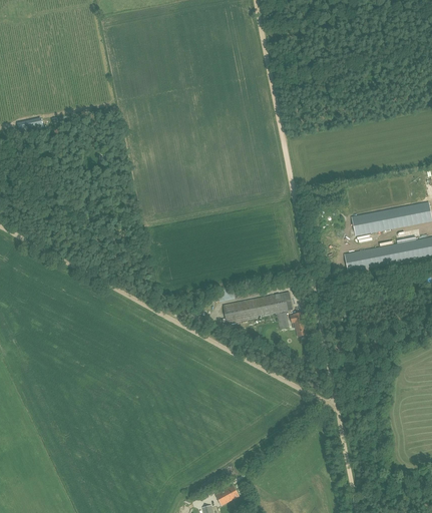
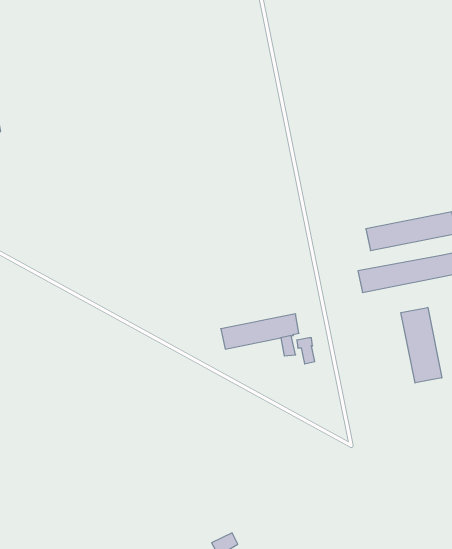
building: none -> [401,307,442,383]

